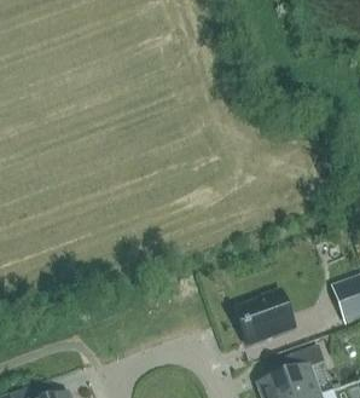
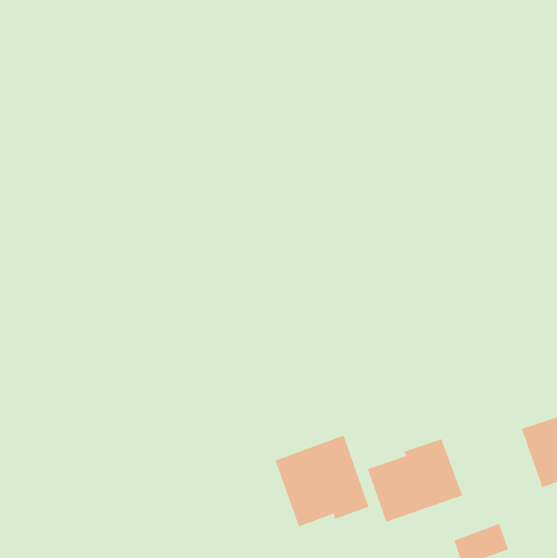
building: none -> [274,434,369,527]

